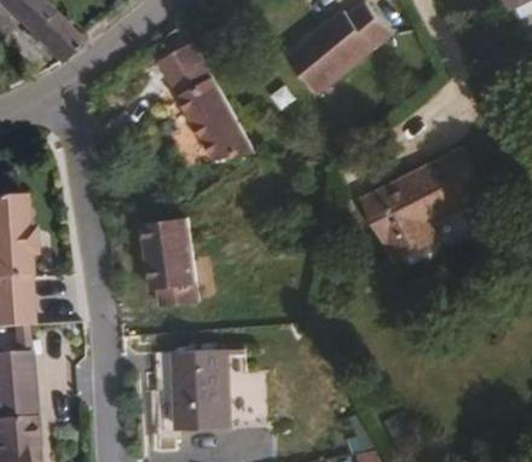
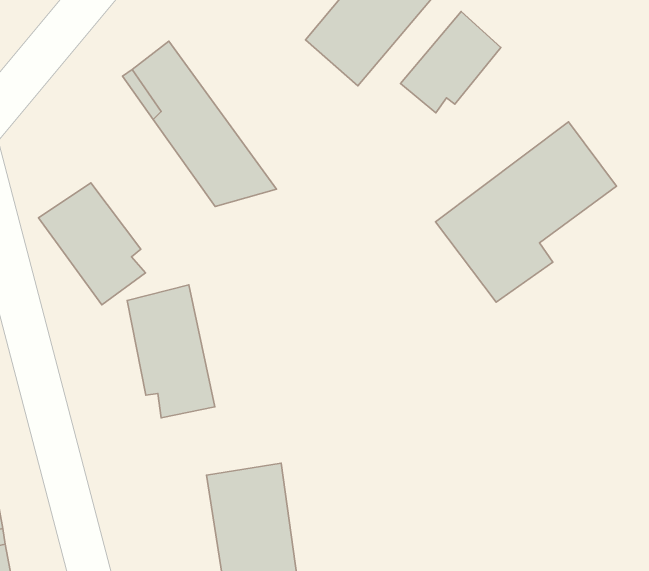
building: none -> [400,11,501,113]
building: none -> [39,183,145,305]

